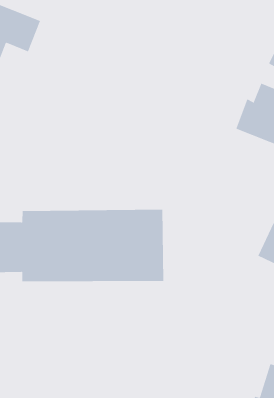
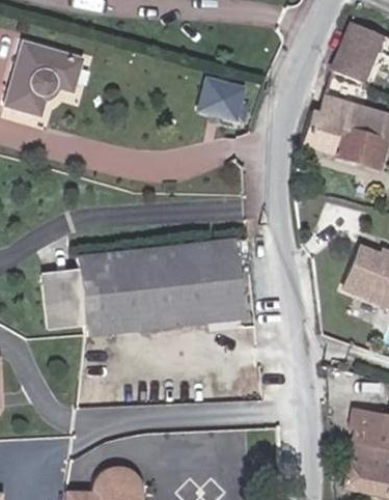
building: none -> [204,75,257,122]

